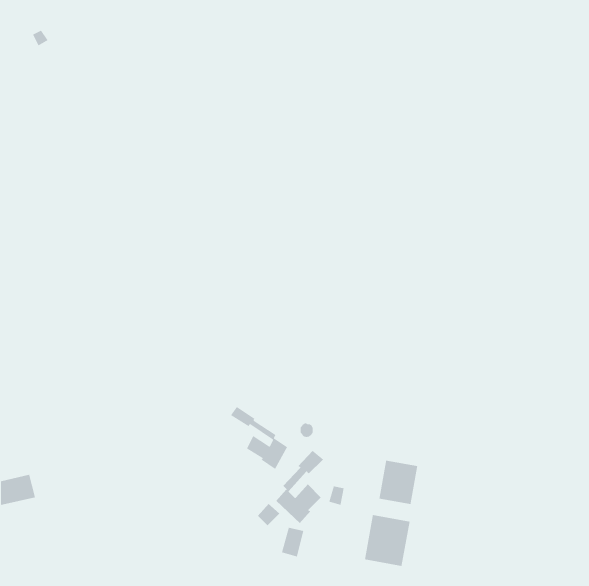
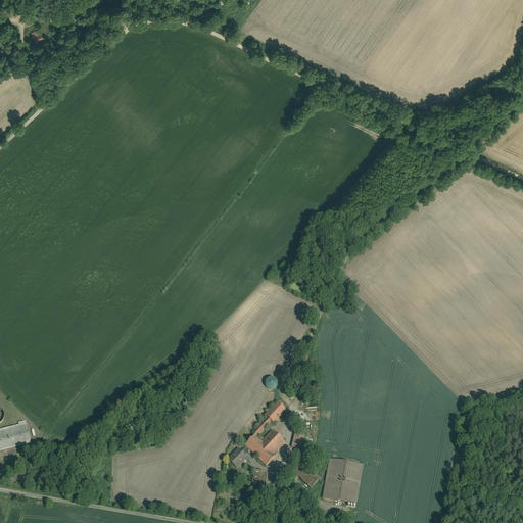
building: [230,406,288,470] -> none
building: [379,460,418,505] -> none

